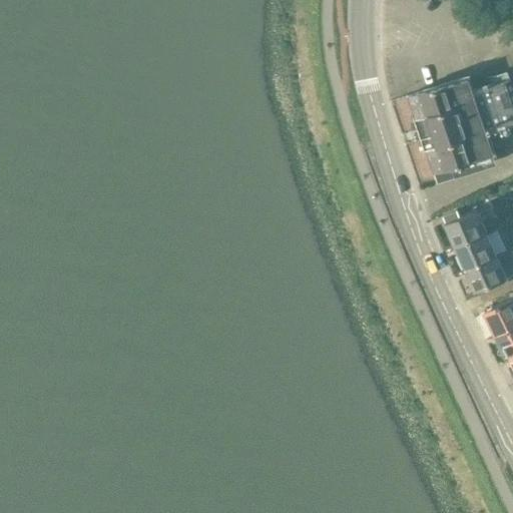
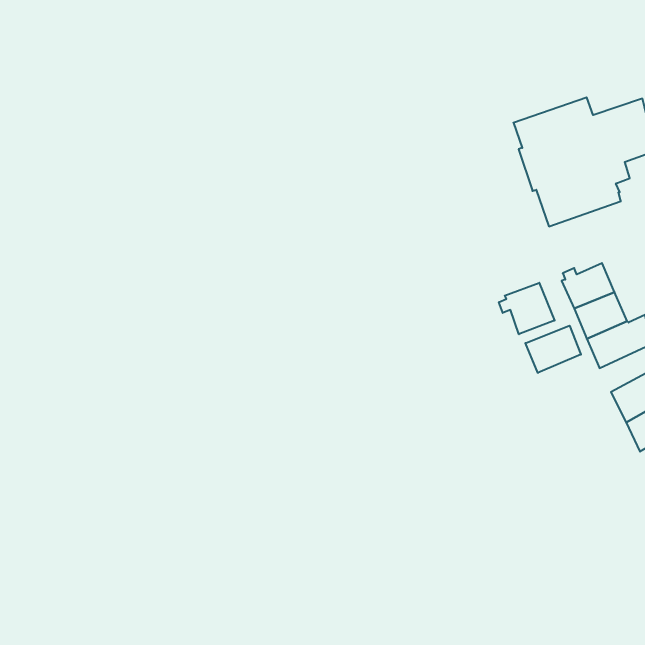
building: none -> [499,283,555,334]
building: none -> [525,326,581,373]

